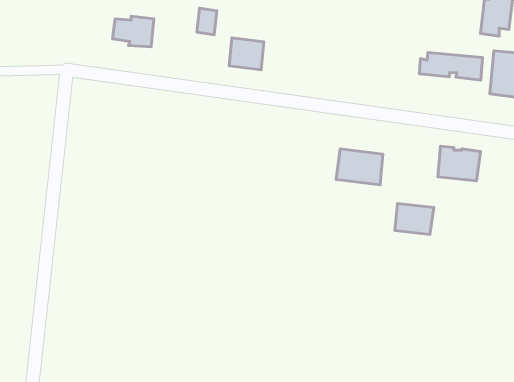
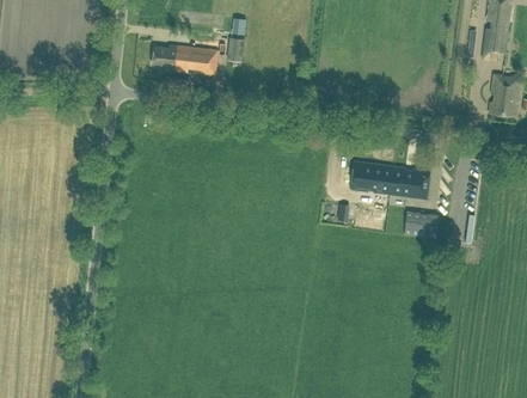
building: [229,38,264,70] -> [186,47,217,75]
building: [419,53,483,80] -> none
building: [438,146,481,181] -> [391,167,429,198]

